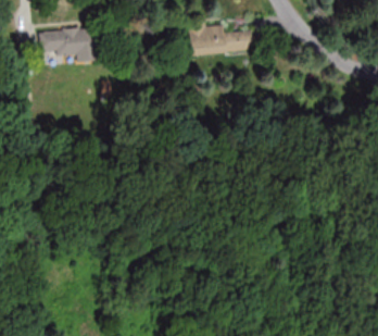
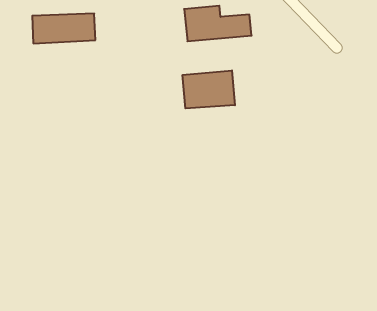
building: none -> [183,70,235,108]

